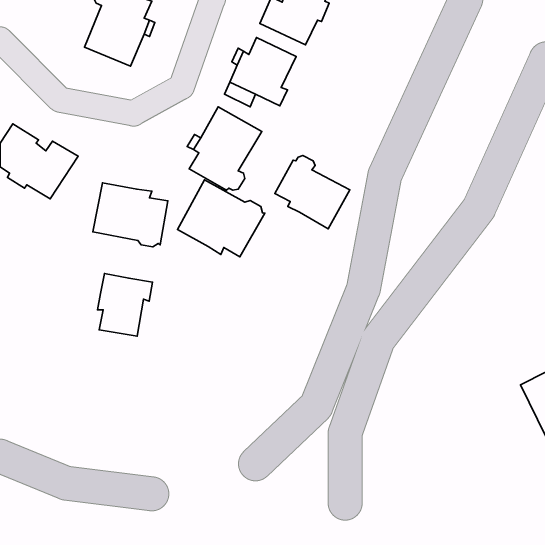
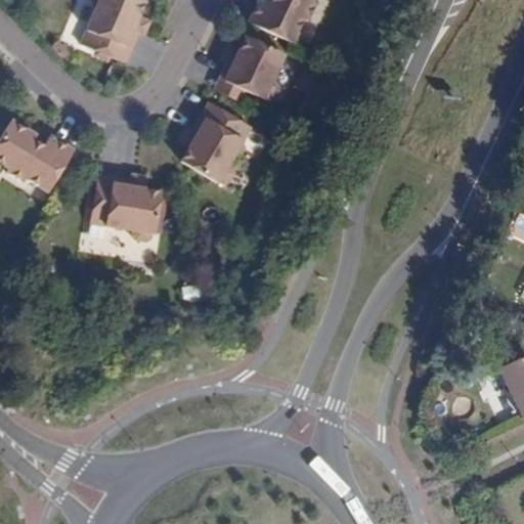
building: [275,156,350,229] -> none
building: [177,180,265,257] -> none
building: [98,273,153,336] -> none

